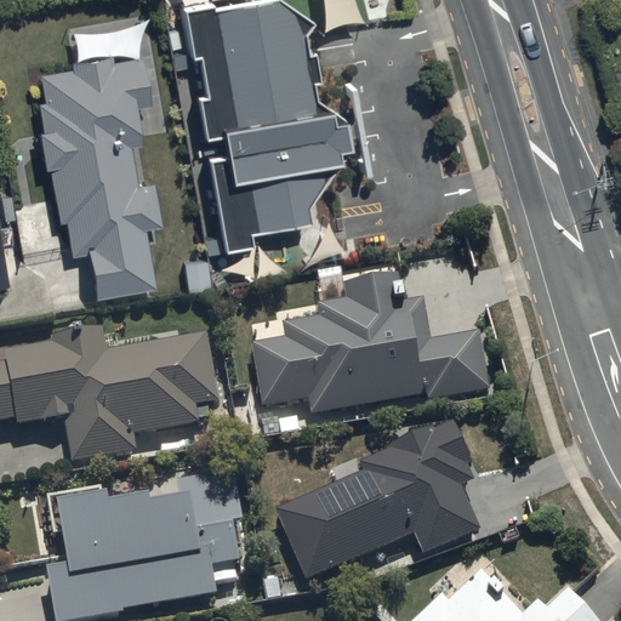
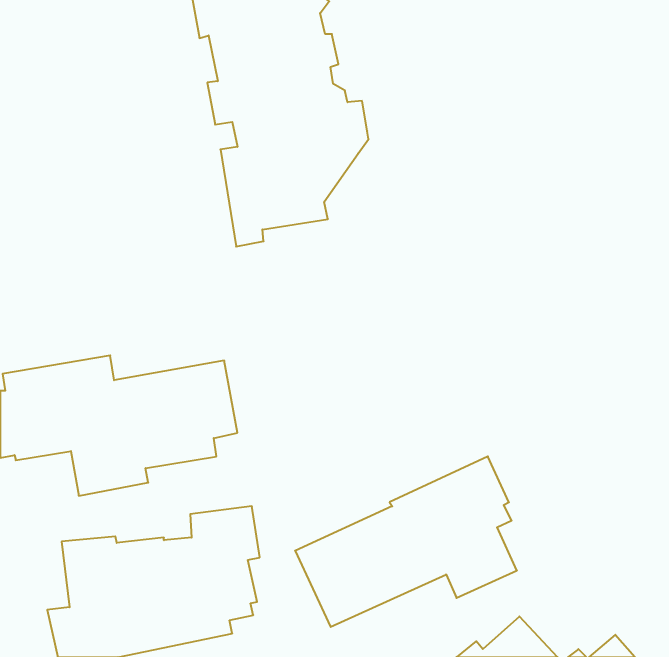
building: [35,47,160,290] -> none
building: [253,273,488,414] -> none

